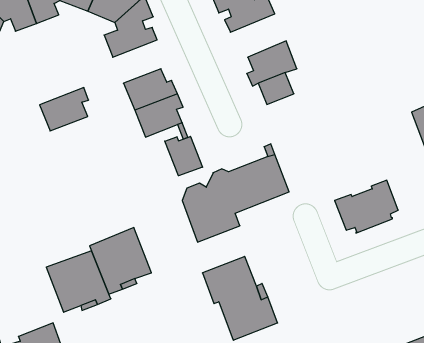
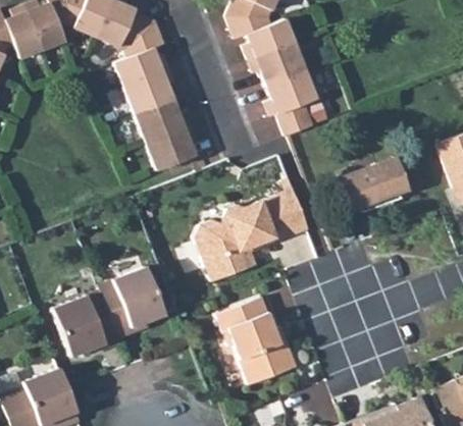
building: none -> [247,40,306,86]
building: [40,88,89,131] -> [122,67,174,113]
building: [165,136,203,176] -> none
building: [335,180,398,233] -> [340,156,407,212]

